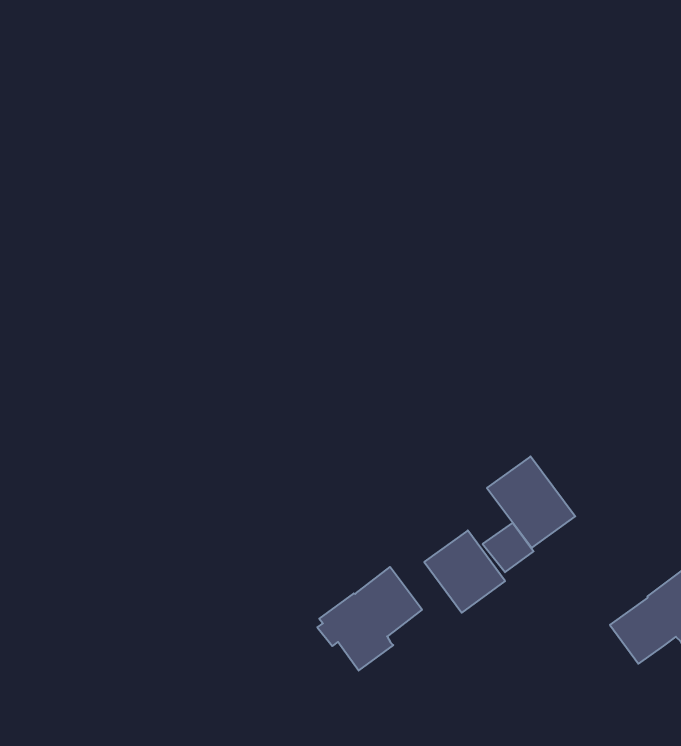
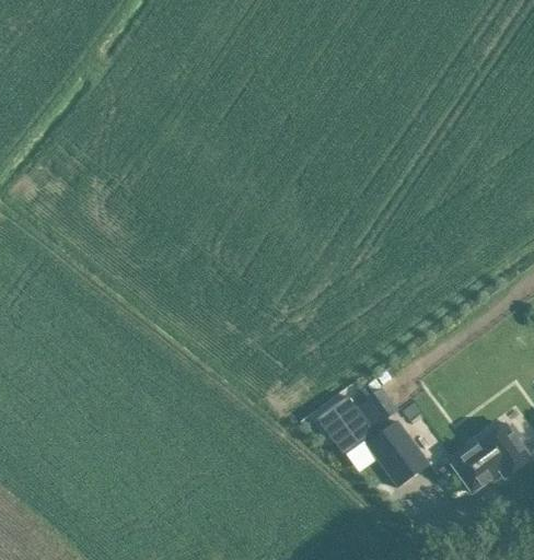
building: [487,456,575,548] -> [367,418,431,485]
building: [317,567,422,671] -> none

